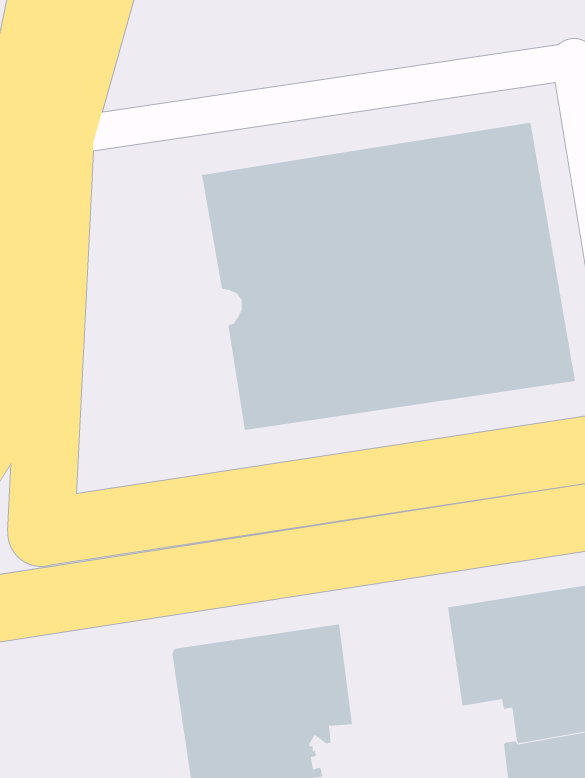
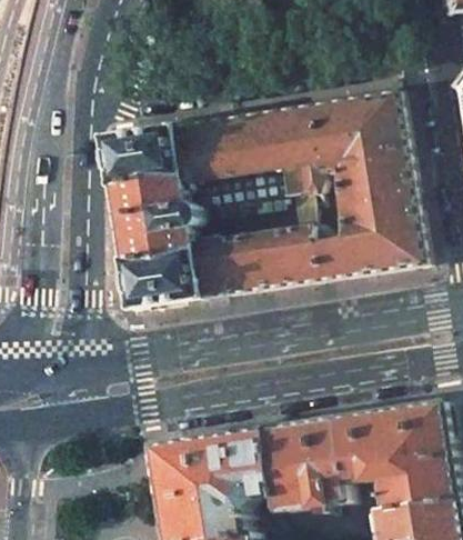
building: none -> [98,126,198,310]
building: none -> [262,418,348,514]

